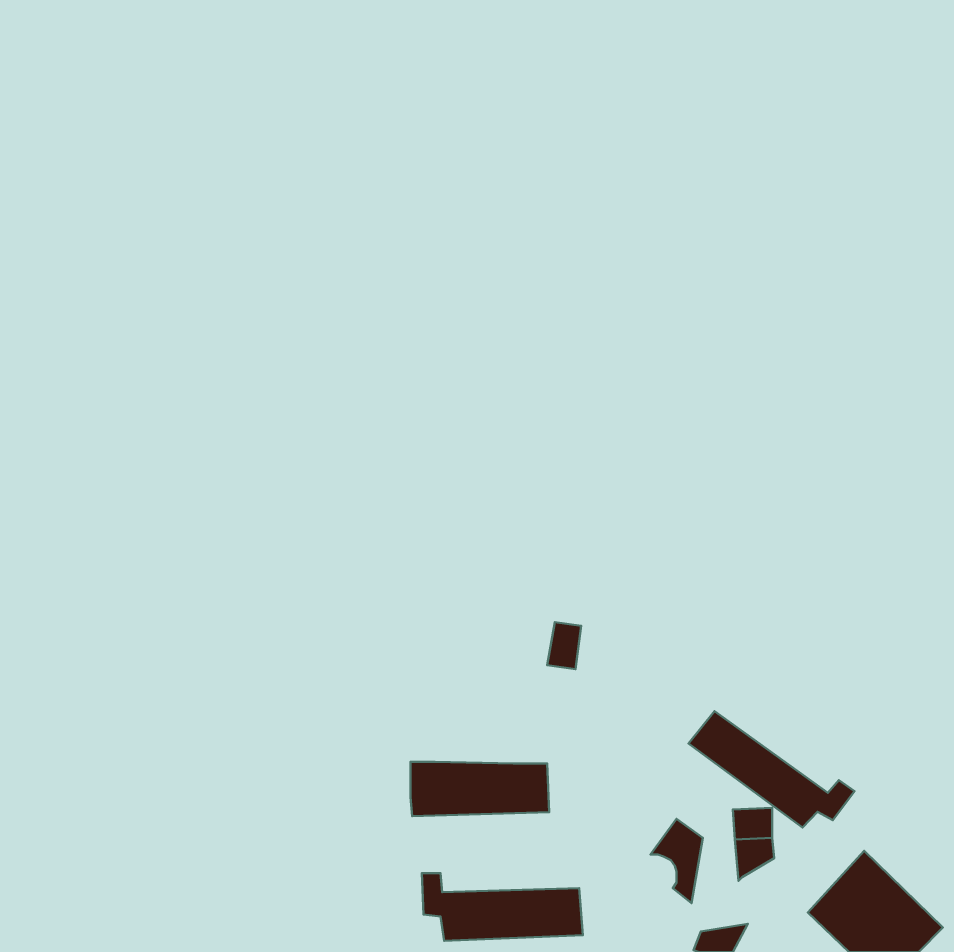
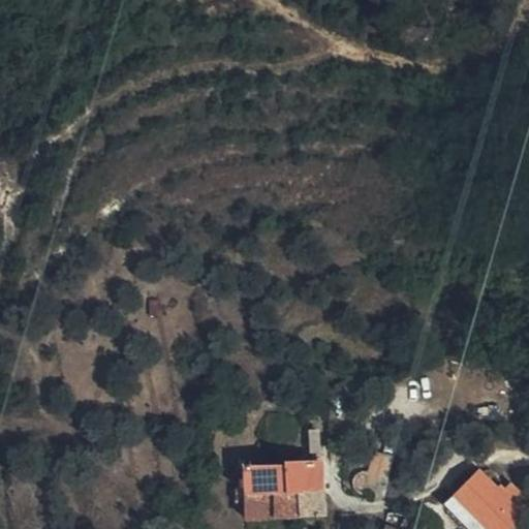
building: [688,711,854,828] -> none
building: [410,762,549,816] -> [245,462,321,492]

